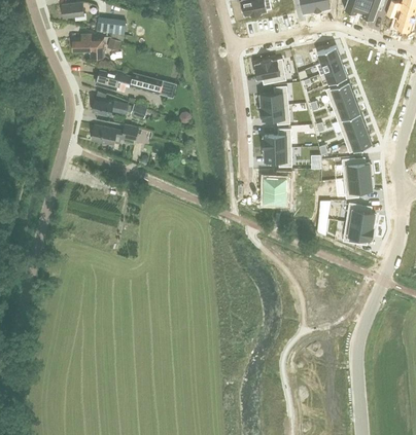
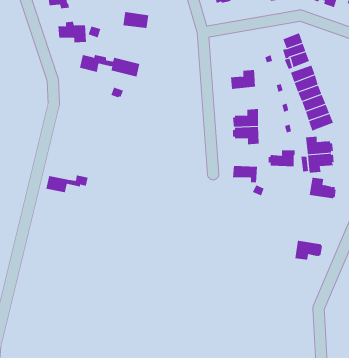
building: [97,14,126,33] -> [122,11,149,29]
building: [254,58,285,81] -> none
building: [92,96,128,115] -> none
building: [259,103,289,123] -> none
building: [91,123,137,143] -> [46,175,88,193]
building: [261,171,290,189] -> [268,150,295,167]
building: [342,220,373,242] -> [294,240,323,260]

